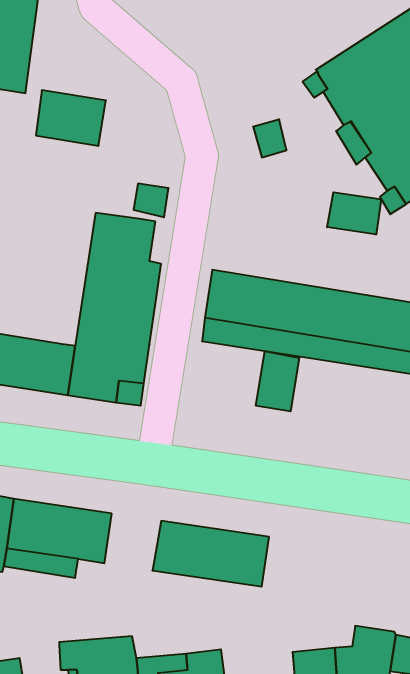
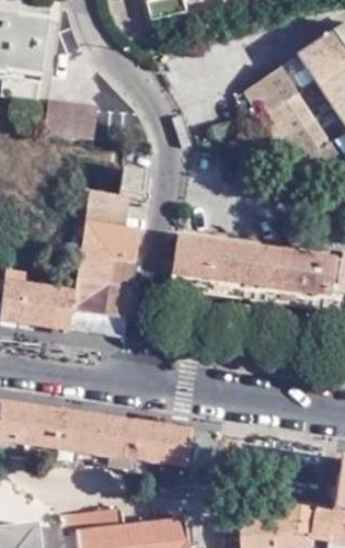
building: [327,192,381,235] -> none
building: [256,351,299,411] -> none
building: none -> [96,414,139,467]

